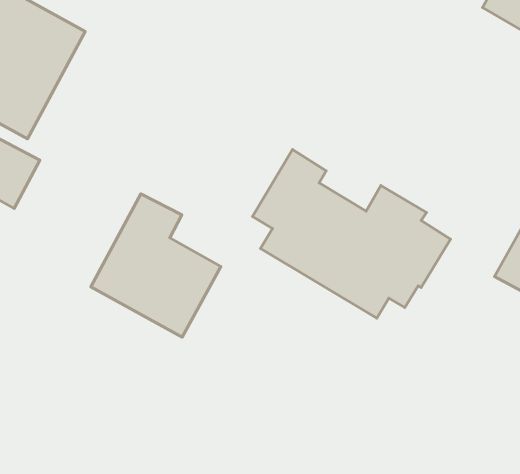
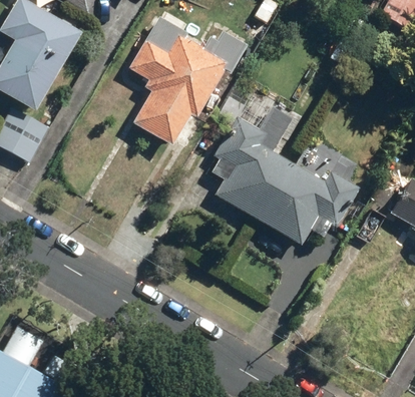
building: none -> [122,31,228,168]
building: [91,194,221,337] -> none

